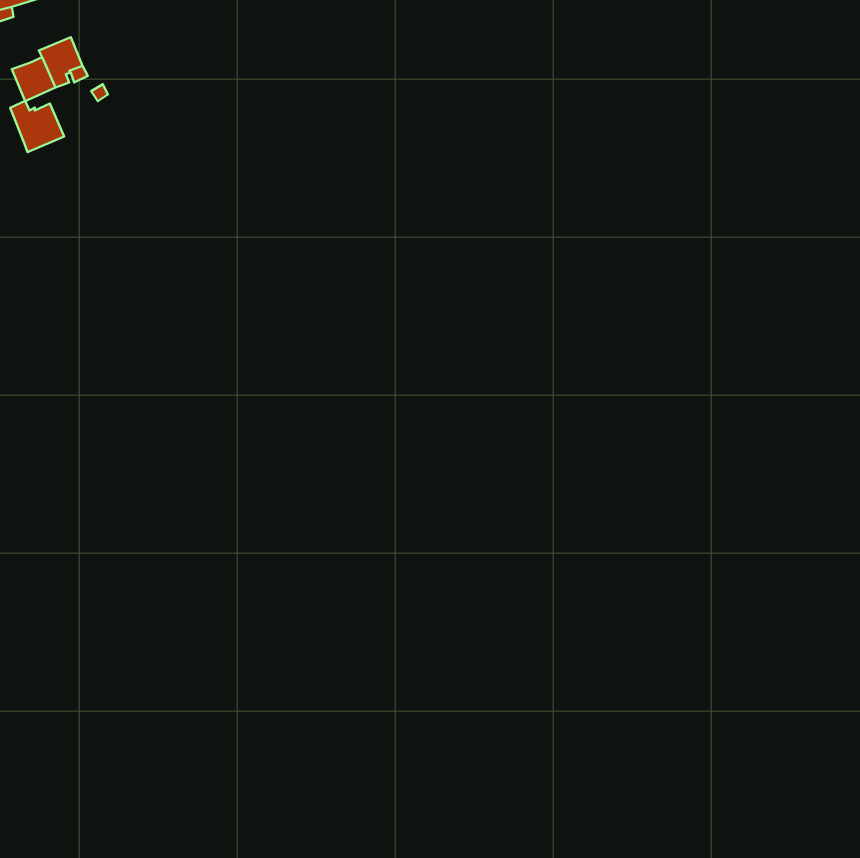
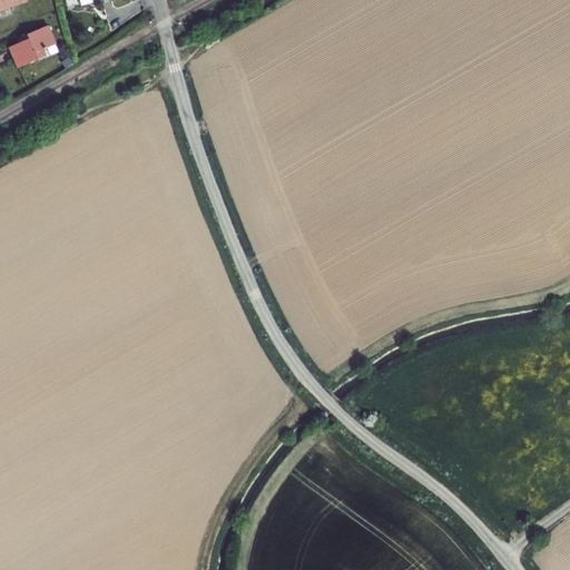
building: [10,101,64,152] -> none

